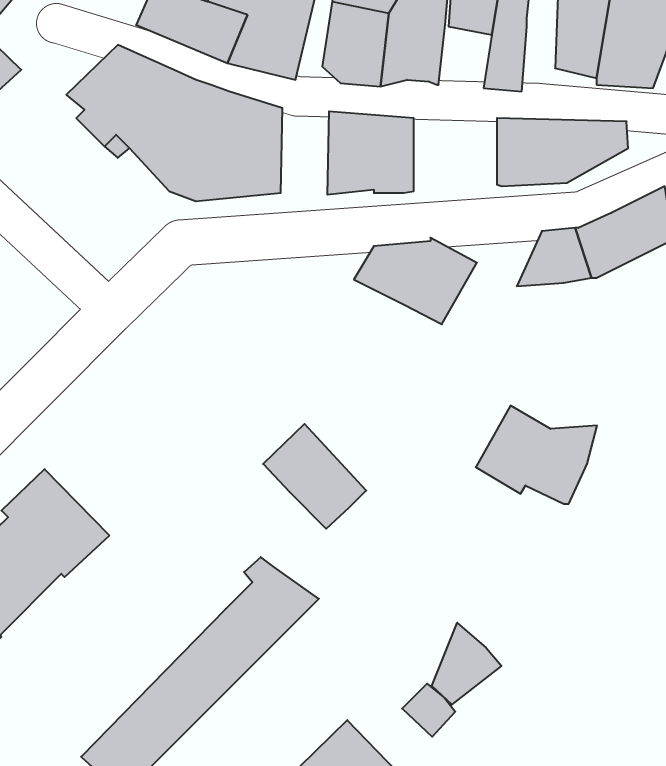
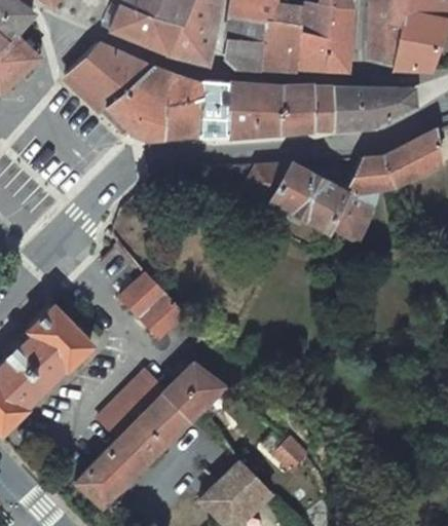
building: none -> [297,31,330,70]
building: none -> [198,82,229,136]
building: none -> [282,88,333,133]
building: [476,406,597,504] -> [299,178,374,238]
building: [263,424,366,529] -> [121,273,185,338]
building: none -> [100,371,165,439]
building: [432,623,501,705] -> none

